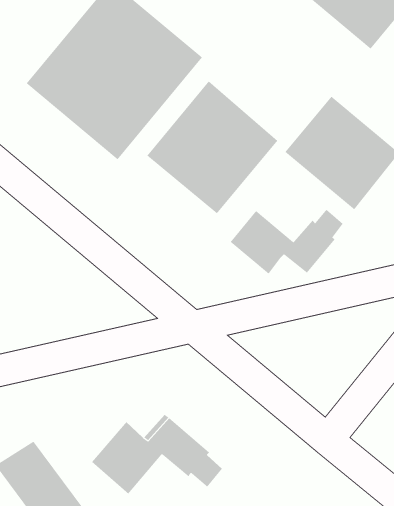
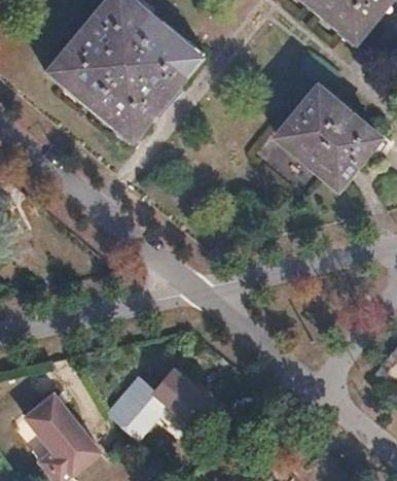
building: [146,81,278,214] -> none
building: [230,209,343,274] -> none

